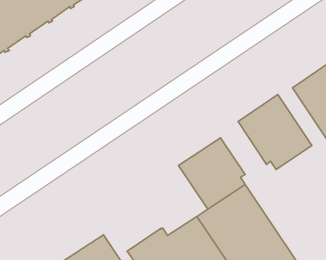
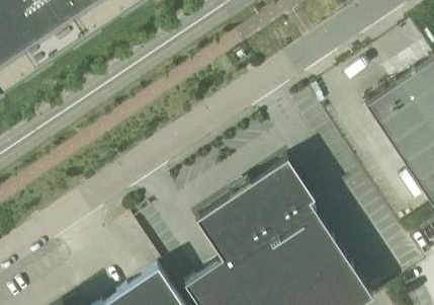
building: [238,94,312,170] -> none
building: none -> [195,189,273,268]

